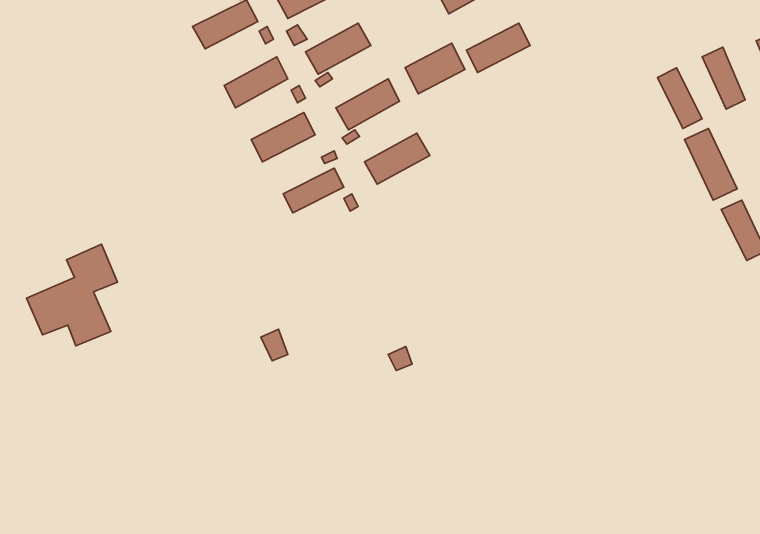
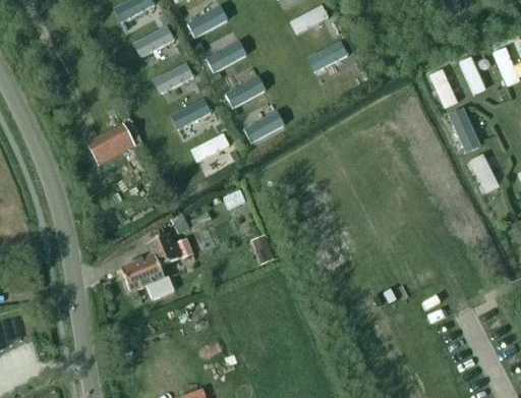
building: [405,43,465,94] -> none
building: none -> [86,123,134,164]
building: [27,244,117,346] -> [120,234,178,299]

